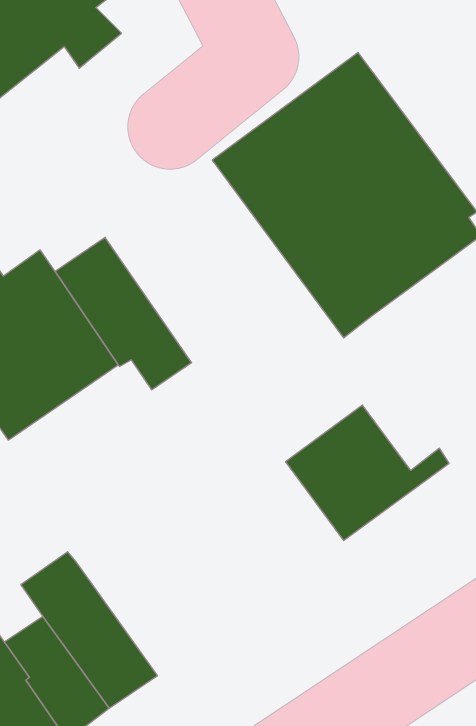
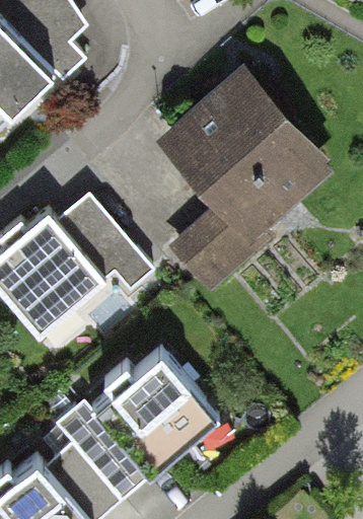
building: [286,405,449,540] -> [168,205,275,294]
building: none -> [90,343,219,475]

